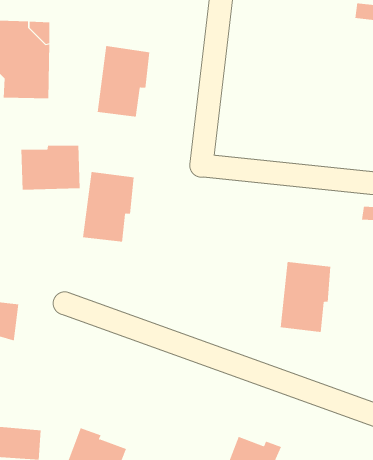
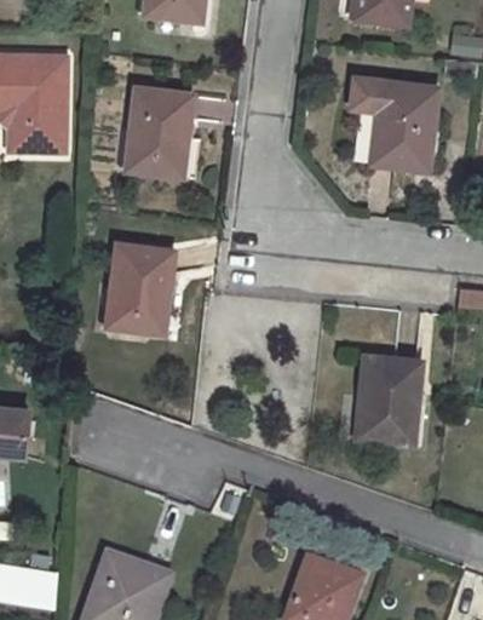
building: none -> [350,80,437,172]
building: [21,145,80,190] -> none

